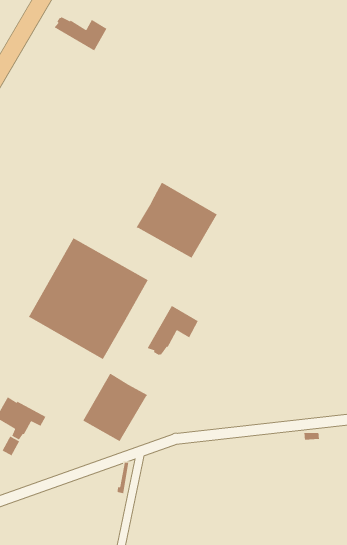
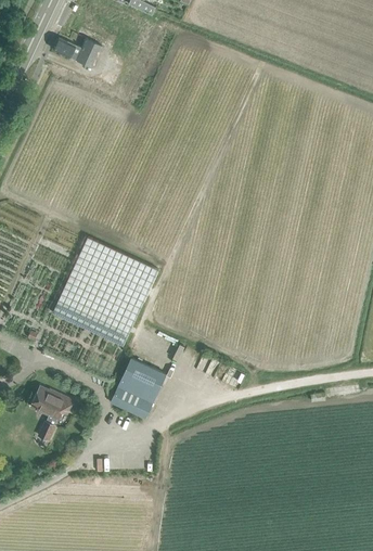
building: [136,182,218,259] -> none
building: [147,305,199,356] -> none

